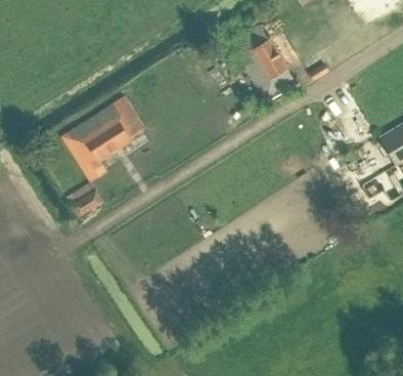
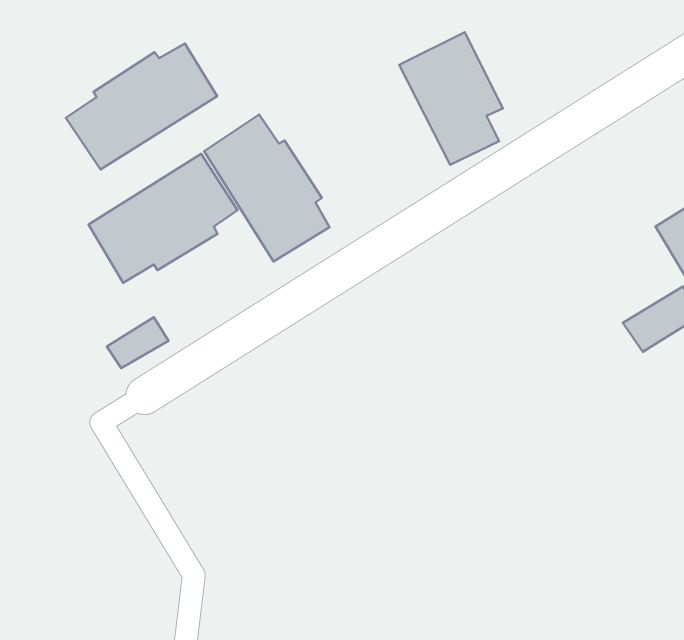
building: none -> [66,43,217,170]
building: none -> [204,115,329,261]

